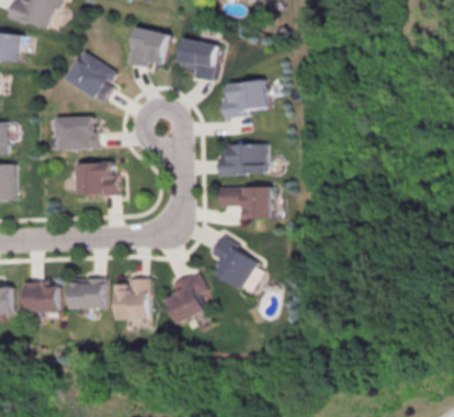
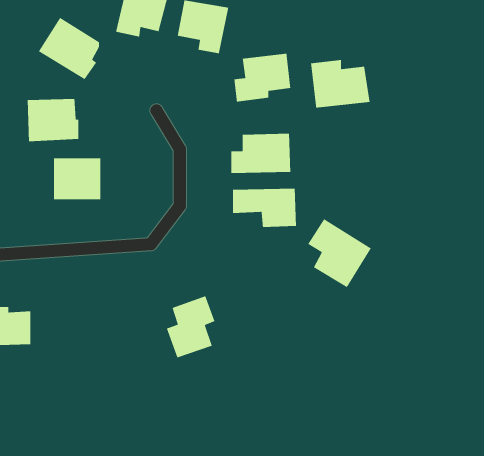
building: none -> [310,59,370,109]
building: [209,234,261,290] -> [307,218,372,288]
building: [69,278,105,310] -> none
building: [116,279,148,320] -> none

